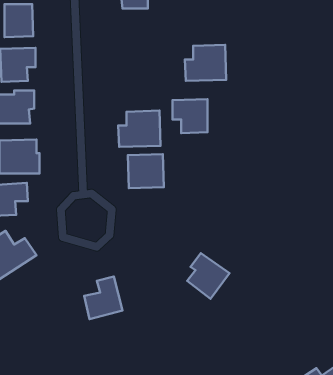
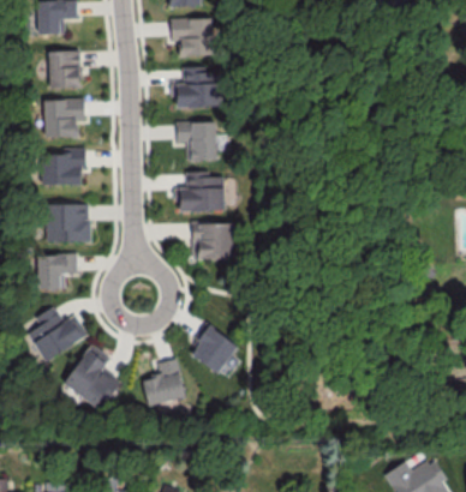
building: [185,45,226,81] -> [177,67,223,108]
building: [173,99,208,133] -> [178,122,217,161]
building: [187,253,230,299] -> [189,323,237,374]
building: none -> [61,344,120,407]

